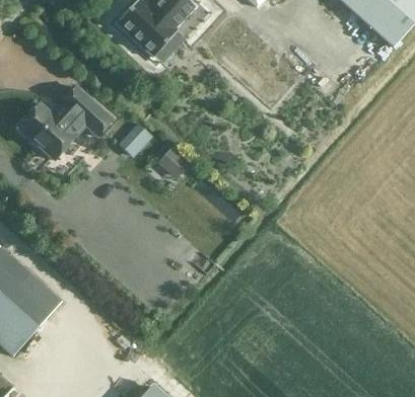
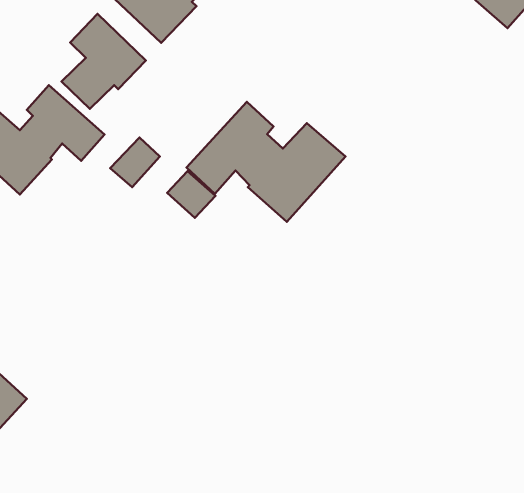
building: none -> [62,14,146,109]
building: none -> [187,102,345,222]

